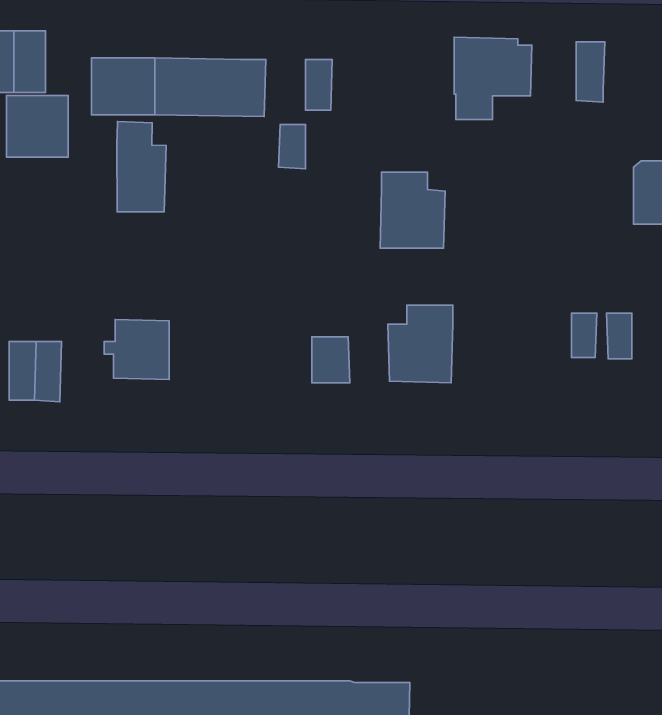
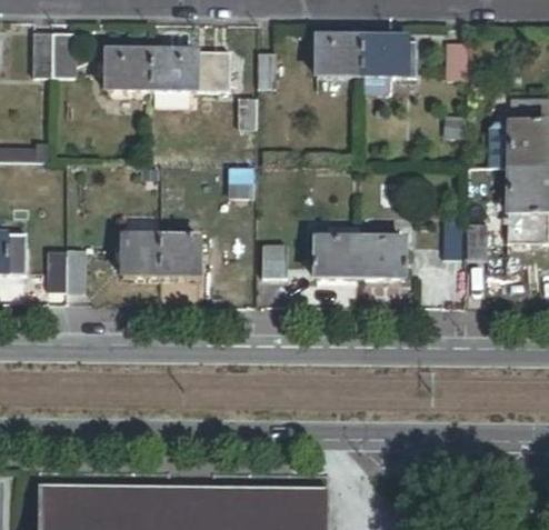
building: none -> [317,36,361,76]
building: [6,96,68,157] -> none
building: [117,122,166,212] -> none
building: [380,172,445,248] -> [359,224,405,278]
building: none -> [161,234,199,276]

